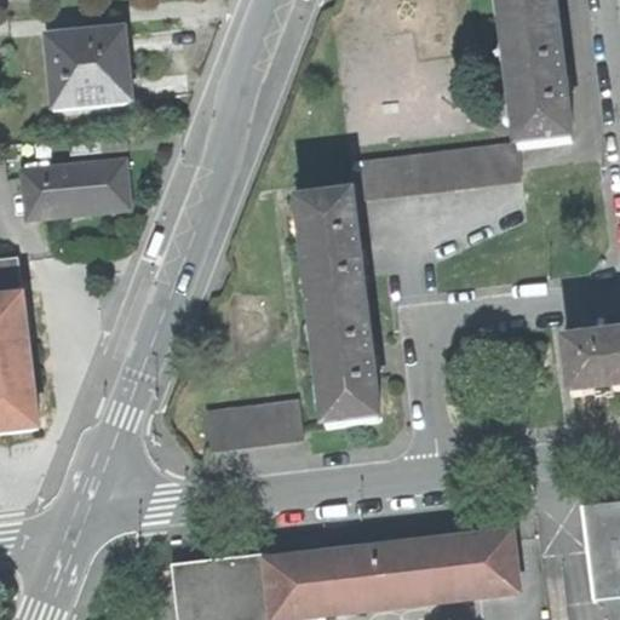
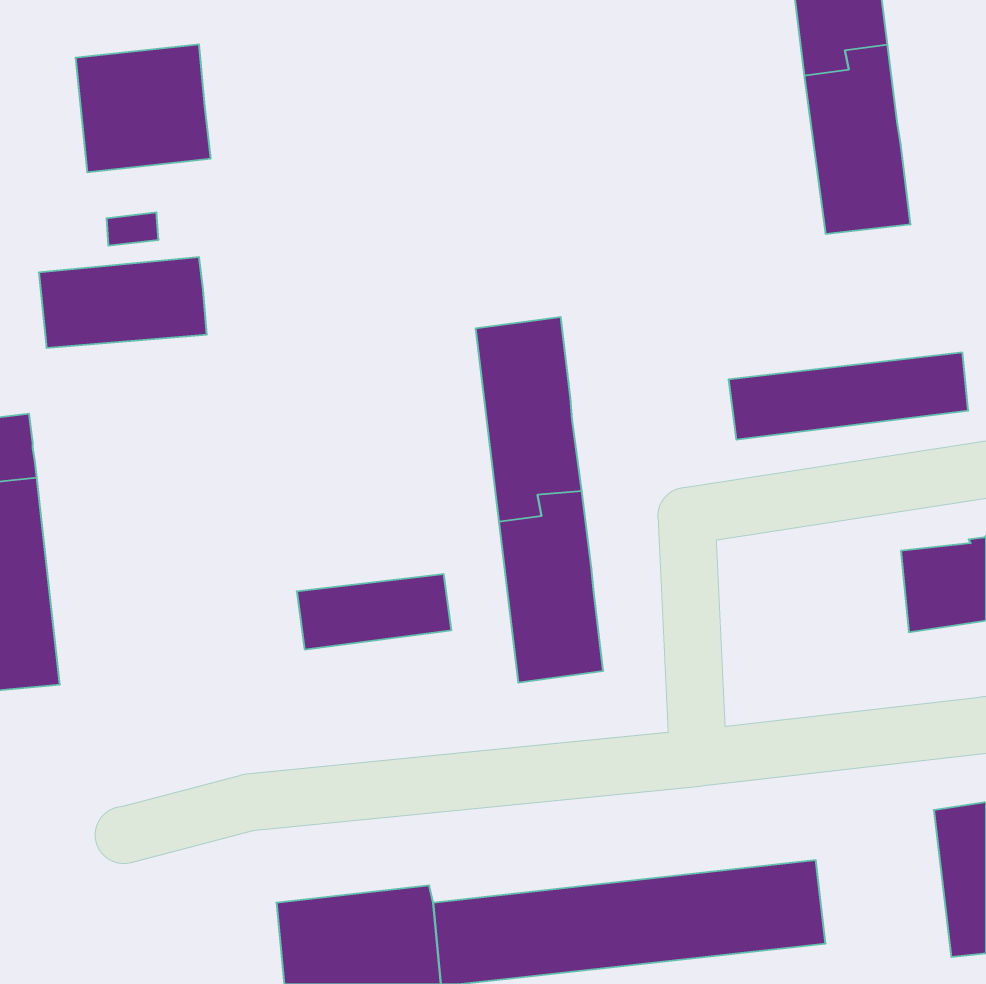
building: [358,143,509,197] -> [728,353,968,440]
building: [211,401,308,448] -> [297,574,451,649]

